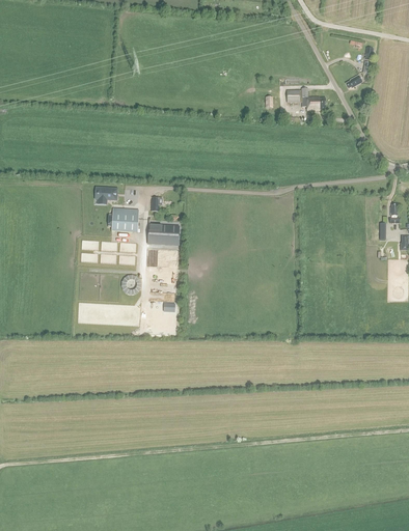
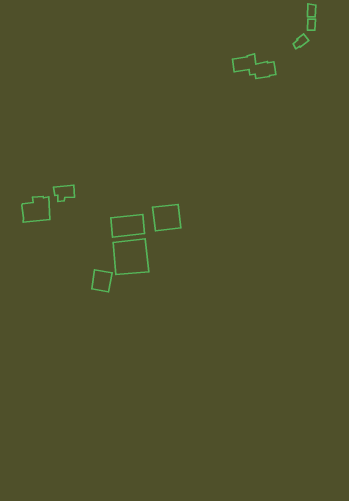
building: [110,207,138,231] -> [22,197,50,222]
building: none -> [153,204,181,231]

